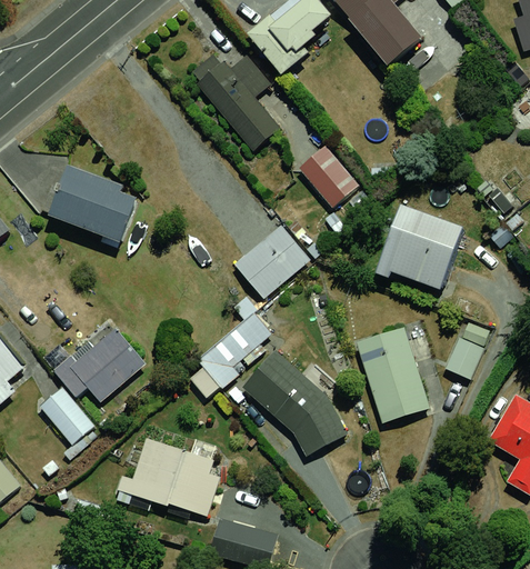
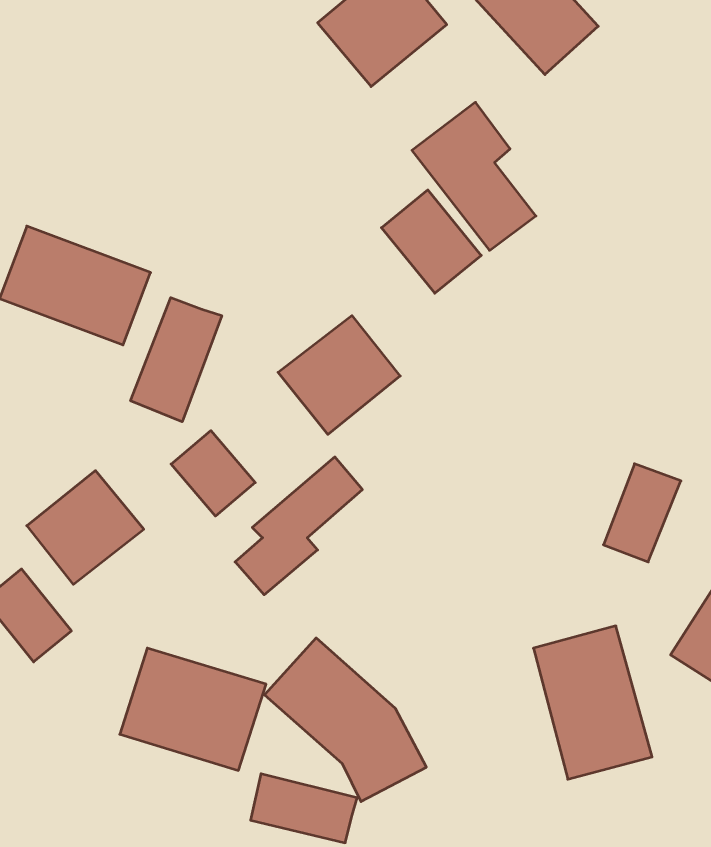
building: [196,56,276,151] -> [412,102,536,250]
building: [381,202,472,295] -> none
building: none -> [131,298,222,422]
building: none -> [171,431,255,516]
building: [356,325,432,423] -> [533,626,652,779]
building: [250,350,354,456] -> [265,638,426,802]

